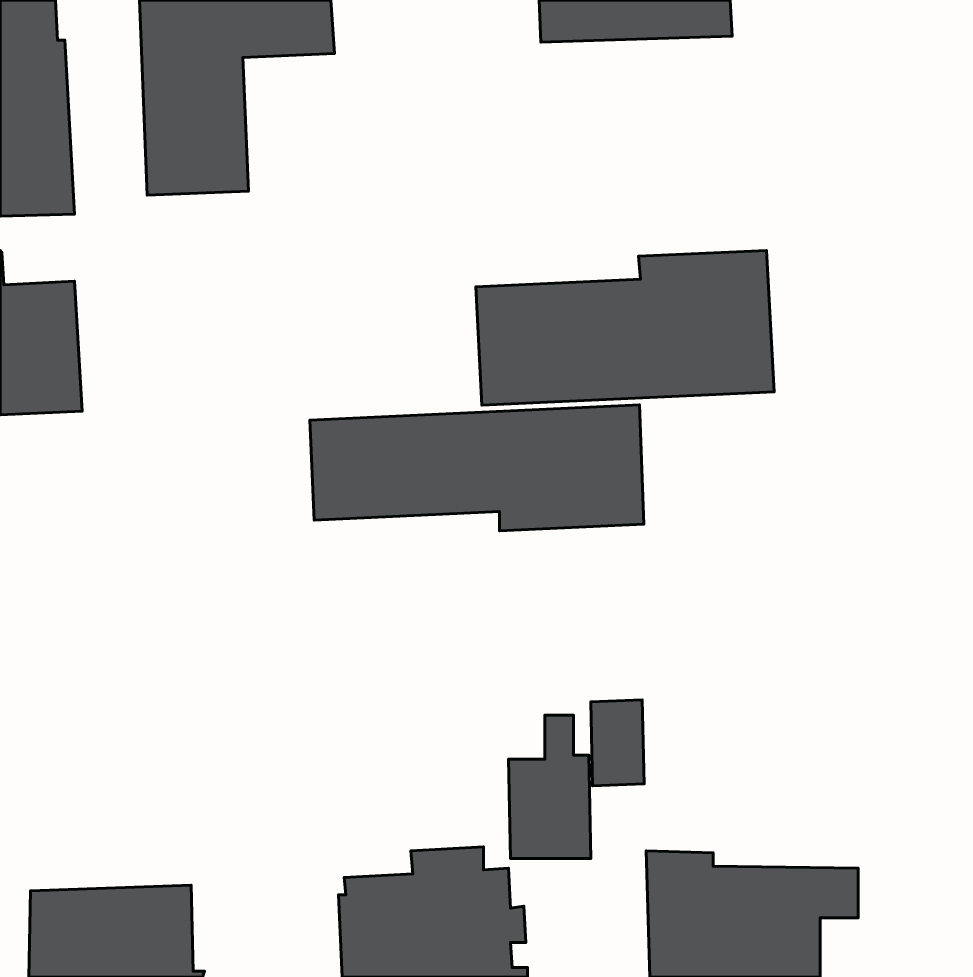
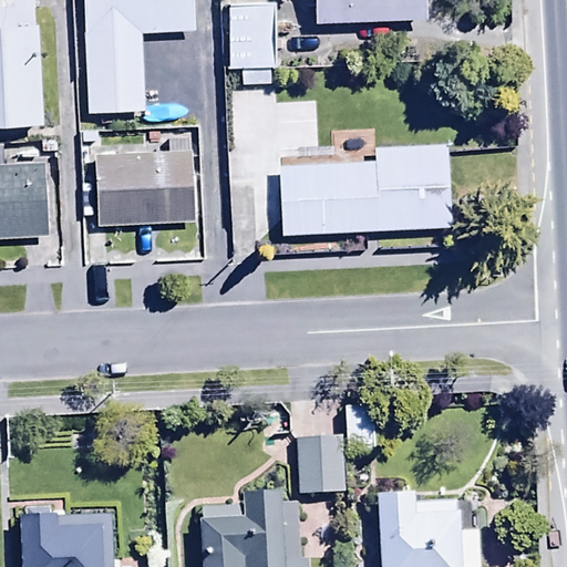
building: none -> [227,6,272,70]
building: none -> [94,147,195,226]
building: [310,405,644,531] -> none

